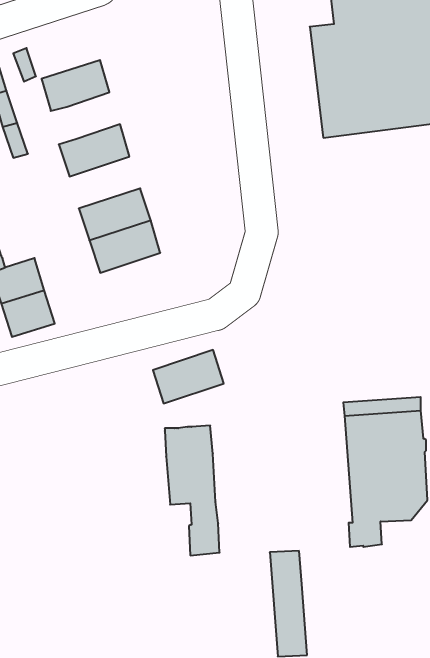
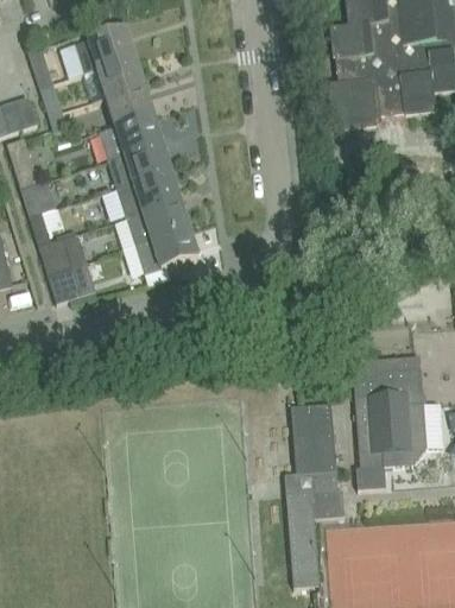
building: none -> [74,27,135,72]
building: none -> [106,84,153,126]
building: none -> [108,141,171,188]
building: [153,350,224,403] -> [135,227,198,274]
building: [165,426,220,555] -> [291,403,340,518]

